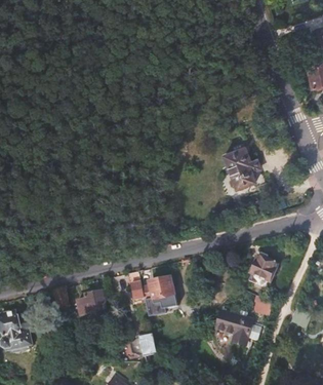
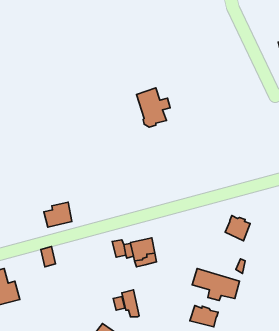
building: [225,149,260,191] -> [137,88,170,127]
building: [77,290,107,316] -> [44,202,72,227]
building: none -> [190,306,218,327]

